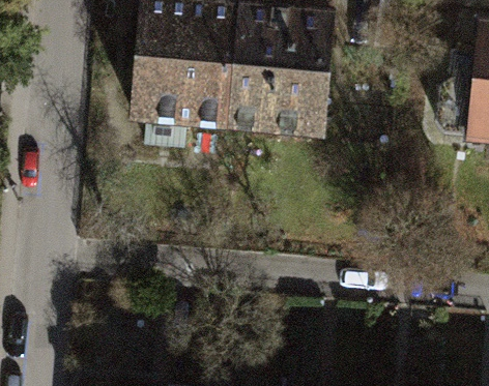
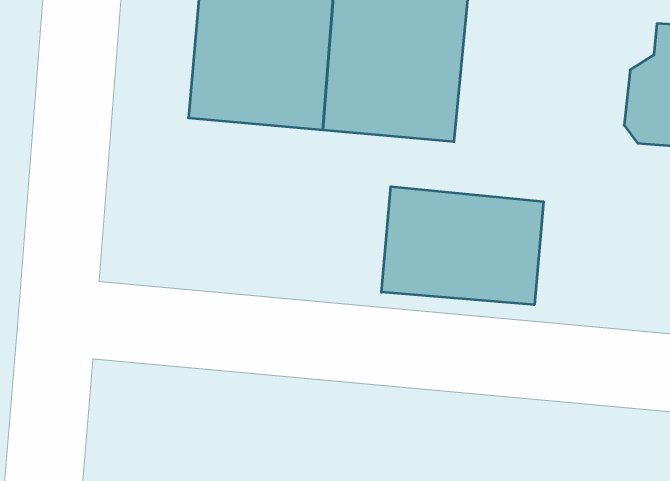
building: none -> [381,187,543,305]

